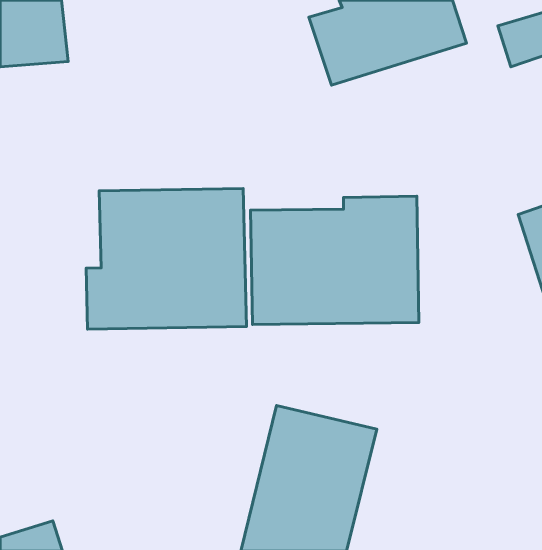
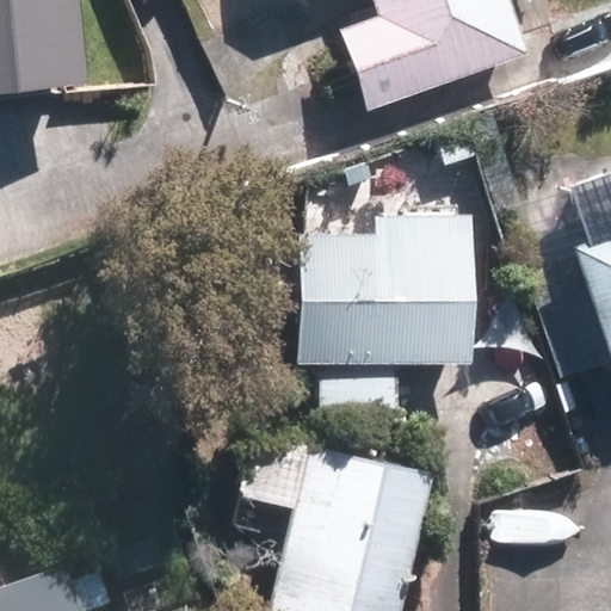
building: [86,189,246,329] -> none

